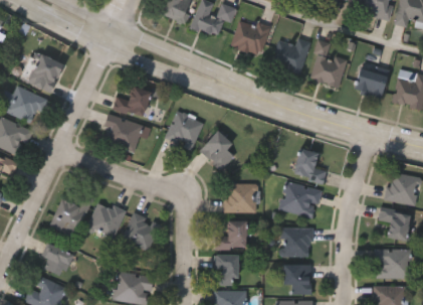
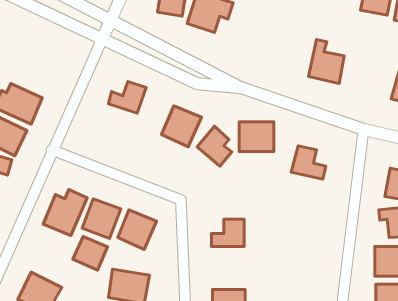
building: [230,18,269,56] -> none
building: [270,39,310,75] -> none
building: [22,56,63,95] -> none
building: [354,69,386,98] -> none
building: [99,114,151,152] -> none
building: [280,181,321,217] -> none
building: [225,183,259,212] -> [239,122,274,152]
building: [282,227,313,257] -> none
building: [39,245,73,278] -> [73,237,108,270]
building: [216,255,238,285] -> none
building: [284,265,312,294] -> none

